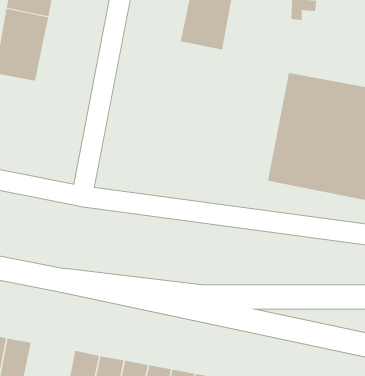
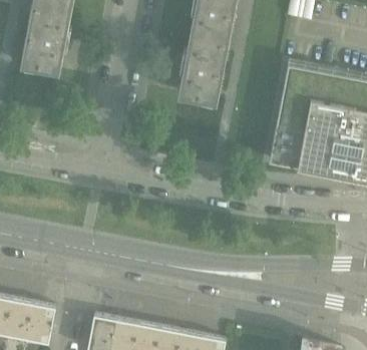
building: none -> [176,39,227,105]

